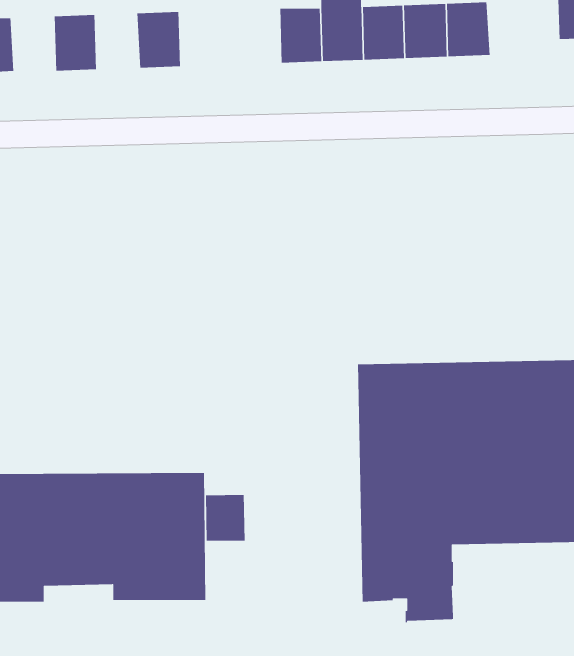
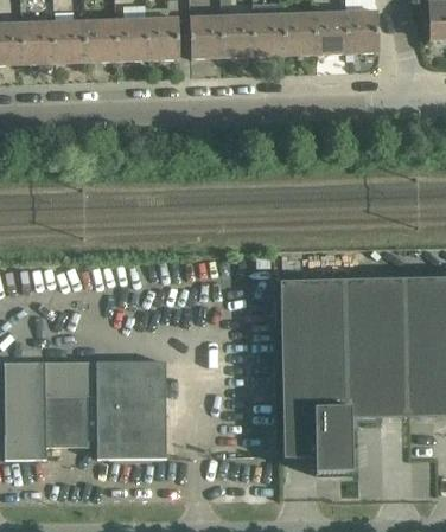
building: none -> [190,15,223,58]
building: none -> [147,17,179,59]
building: none -> [84,19,117,62]
building: none -> [21,21,55,63]
building: [205,494,246,541] -> none

